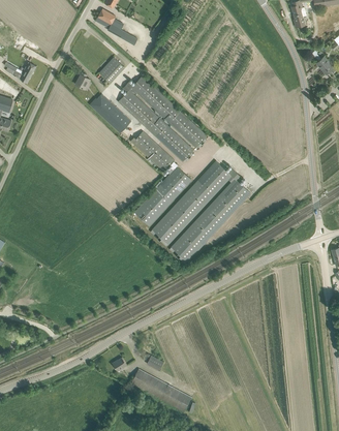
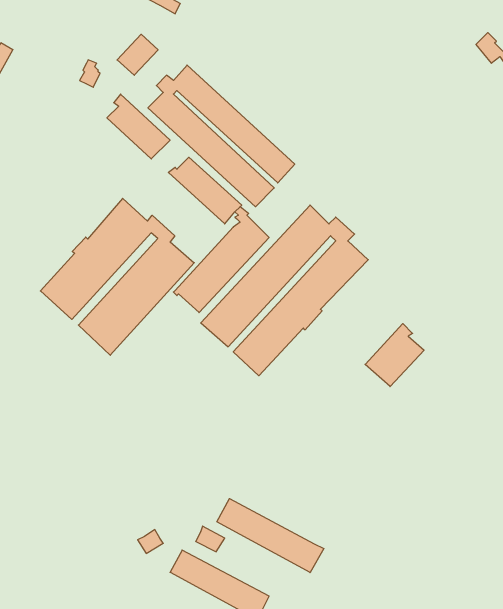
building: none -> [40,198,194,355]
building: none -> [365,324,424,387]
building: none -> [217,499,324,573]

